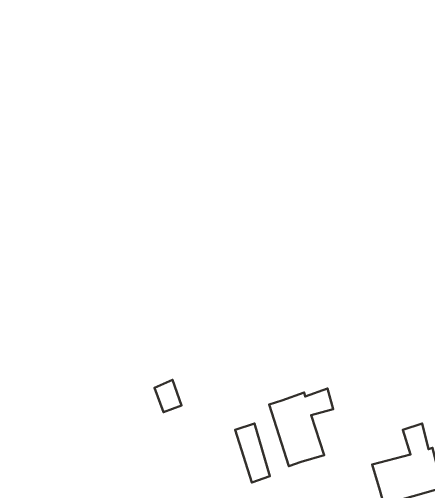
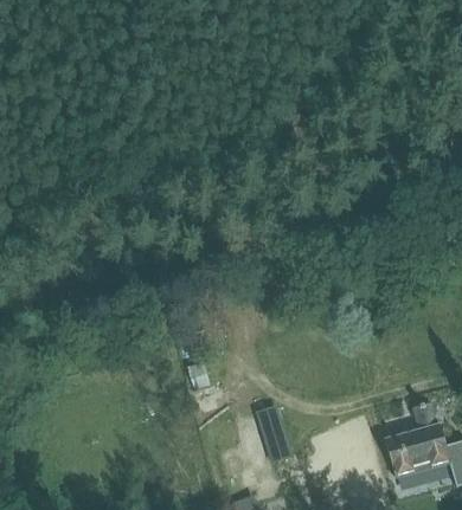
building: [269,389,333,466] -> none

